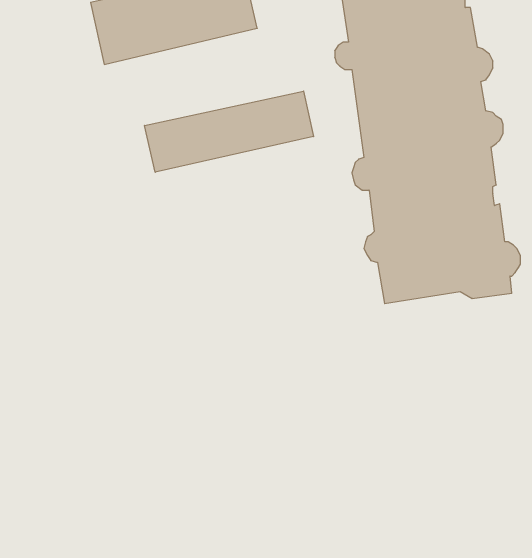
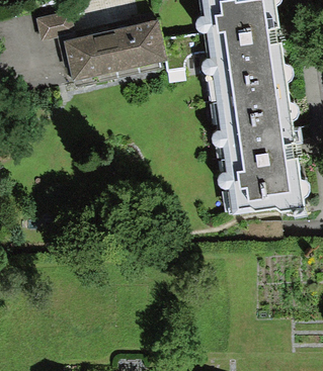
building: [145,91,314,172] -> none

